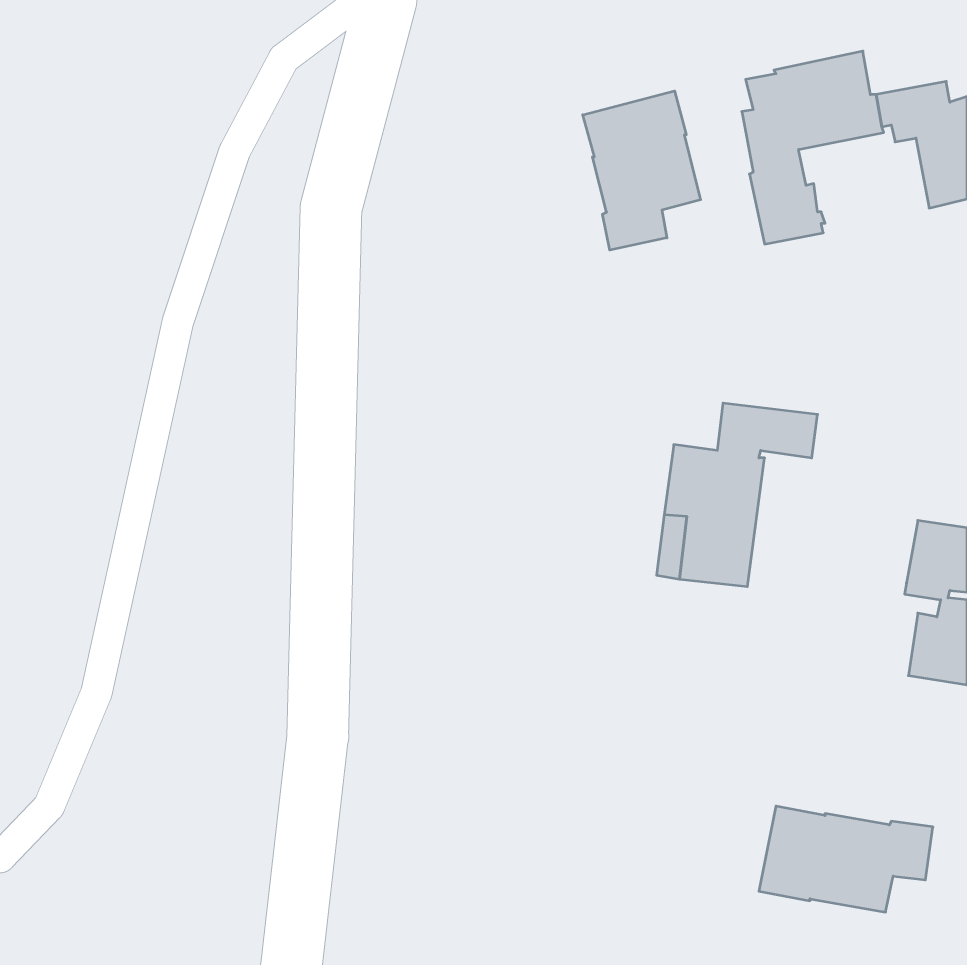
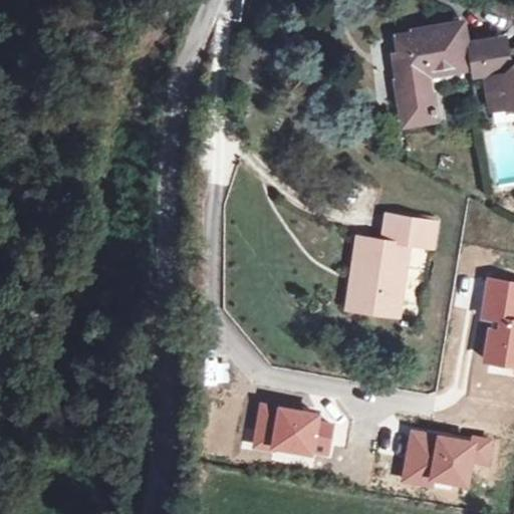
building: [583,91,701,250] -> none
building: none -> [251,403,332,460]

